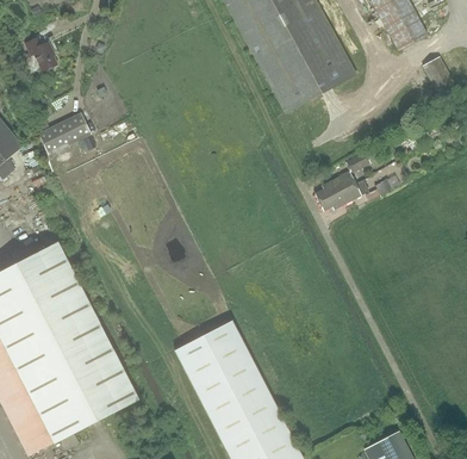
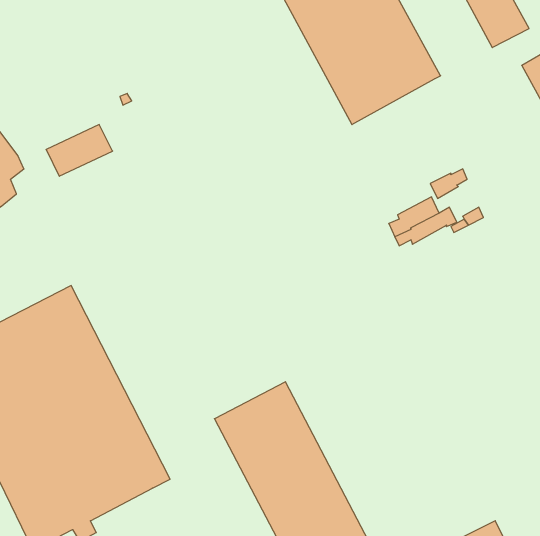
building: [25,36,57,72] -> none

